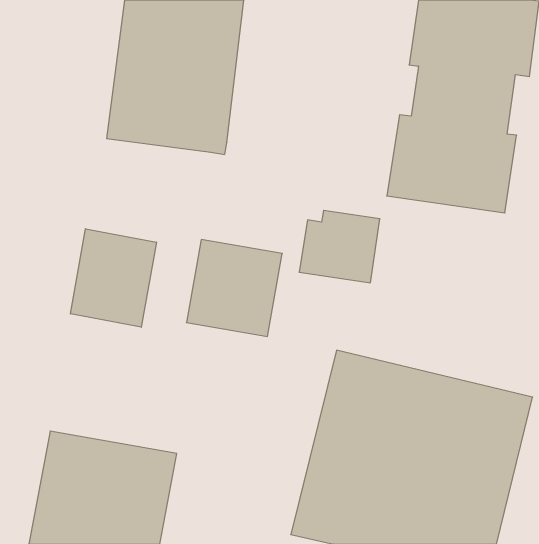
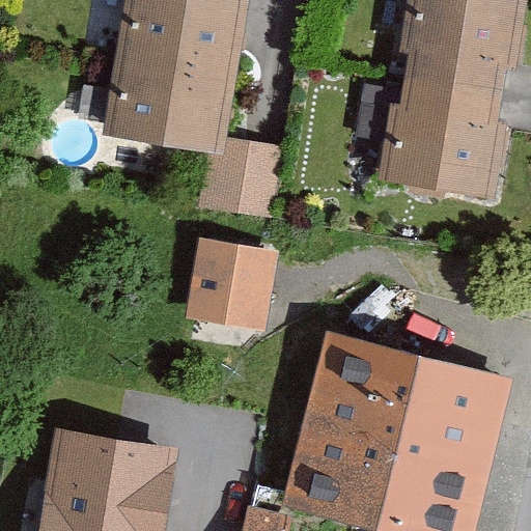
building: [299,210,380,283] -> [197,139,276,209]
building: [70,229,156,327] -> none

